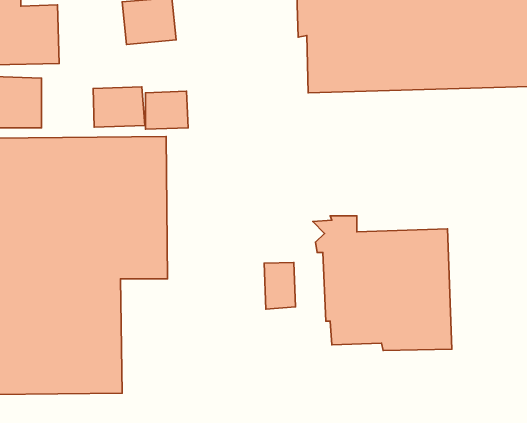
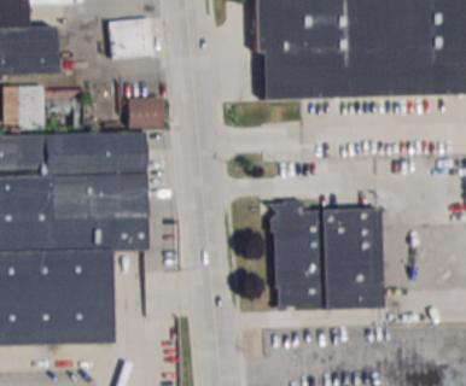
building: [93,87,145,127] -> none
building: [264,262,296,309] -> none

